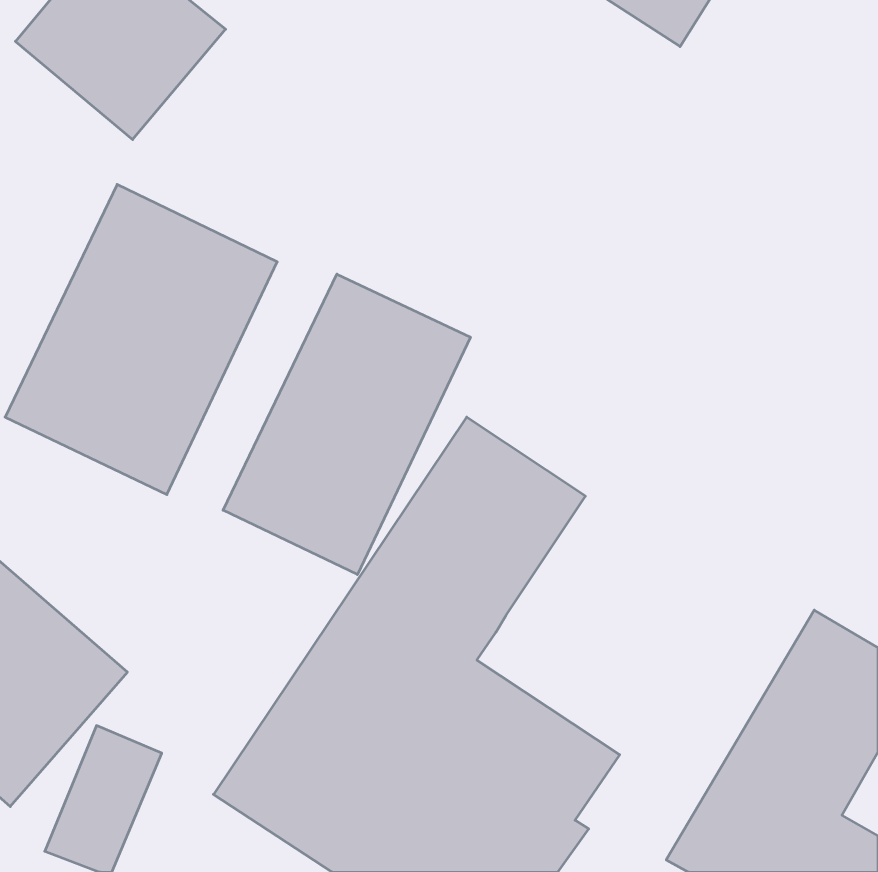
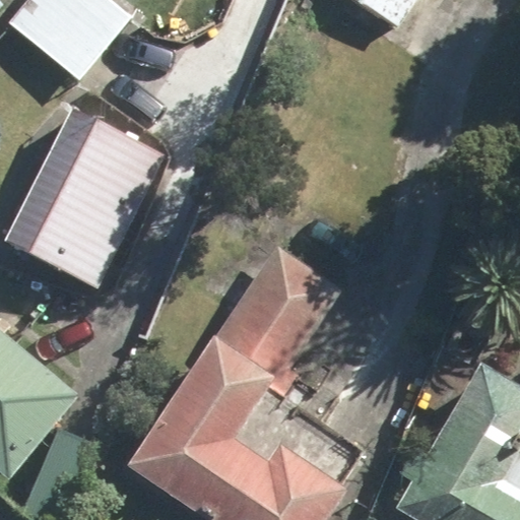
building: [223,274,470,575] -> none

